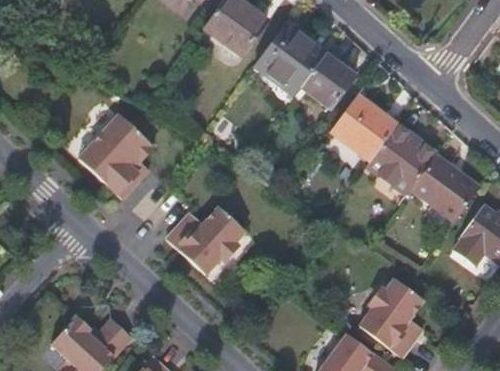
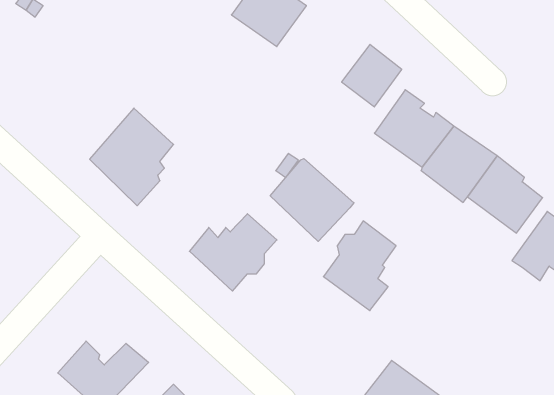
building: [255,25,327,98] -> none
building: none -> [270,159,354,241]
building: [360,279,424,358] -> [323,221,396,311]

